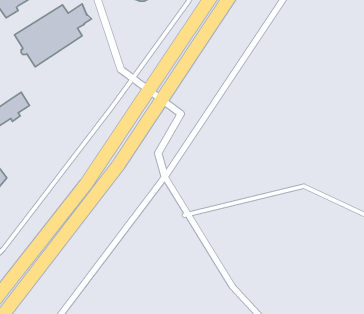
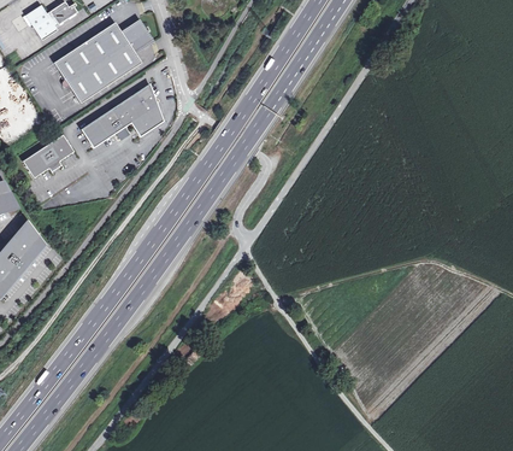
building: none -> [81,86,161,147]

